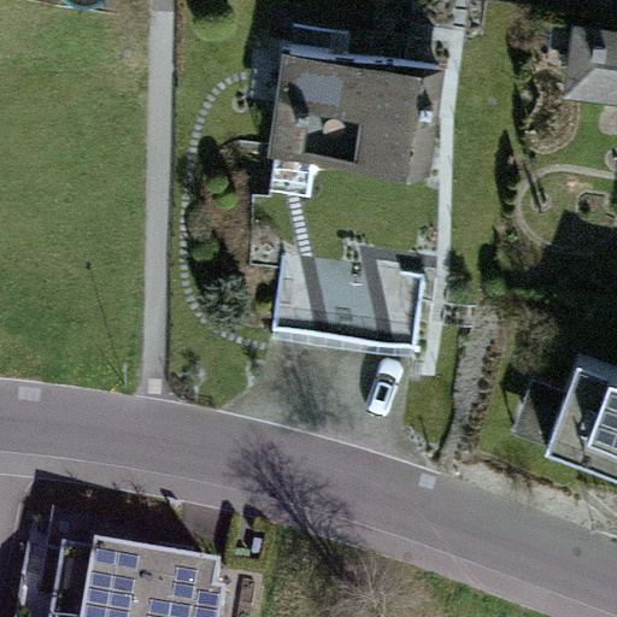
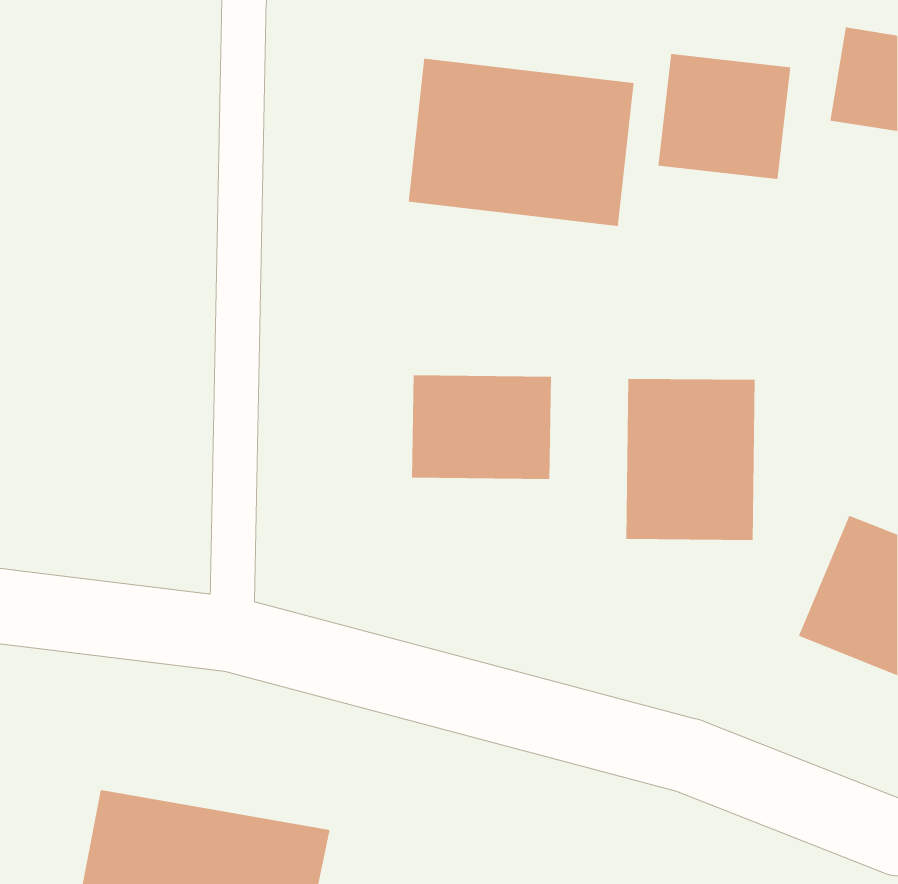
building: none -> [657,53,791,180]
building: none -> [626,378,755,541]

